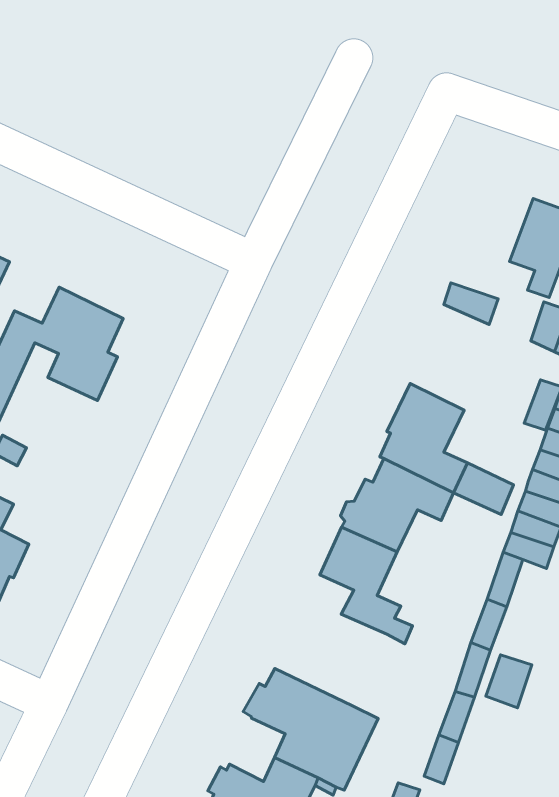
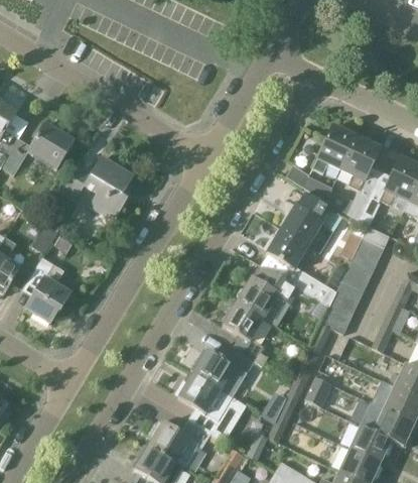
building: none -> [312,125,357,172]
building: none -> [281,193,342,245]
building: none -> [191,347,255,396]

